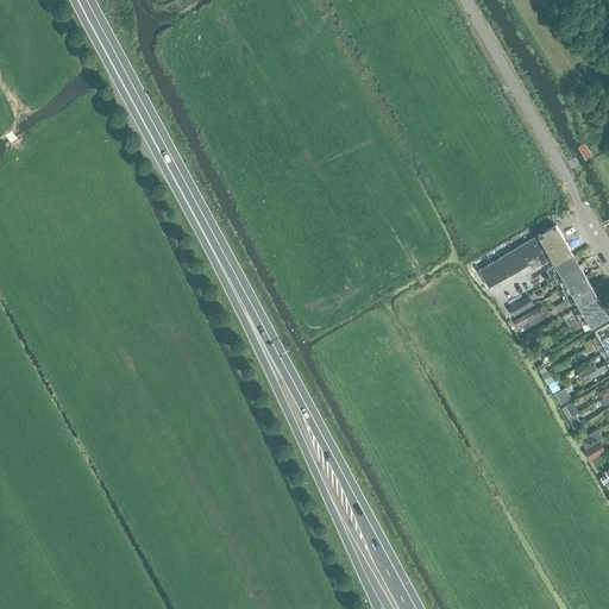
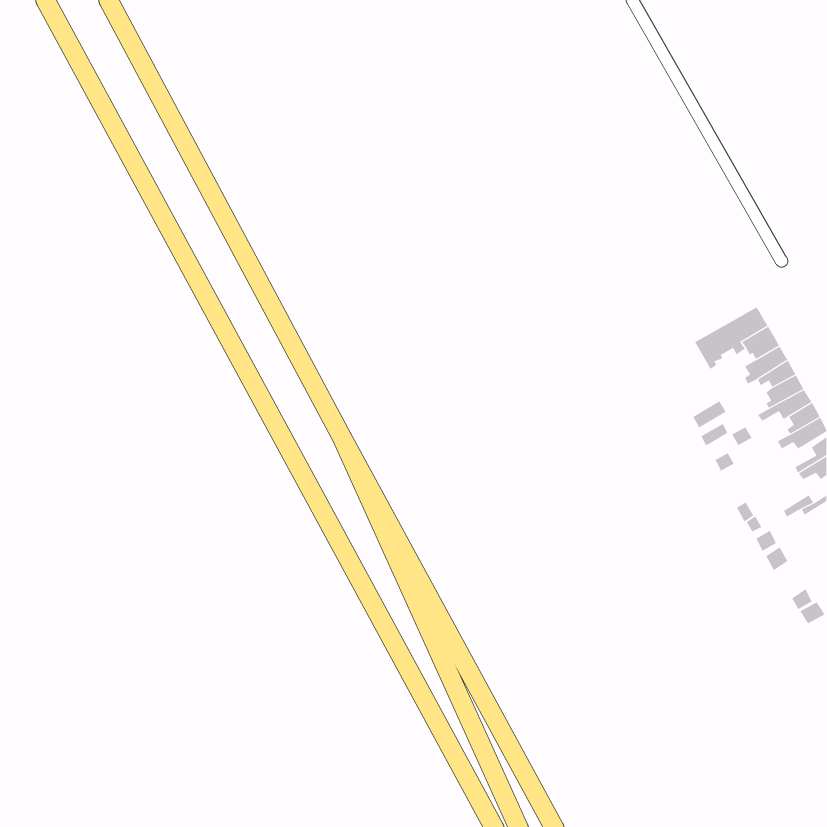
building: [477,252,528,288] -> none

